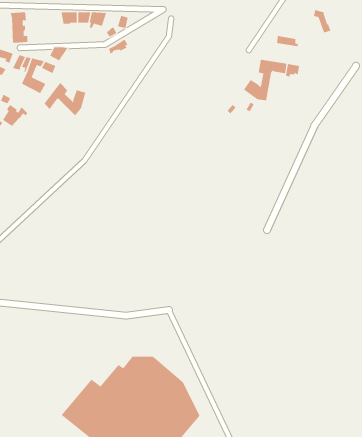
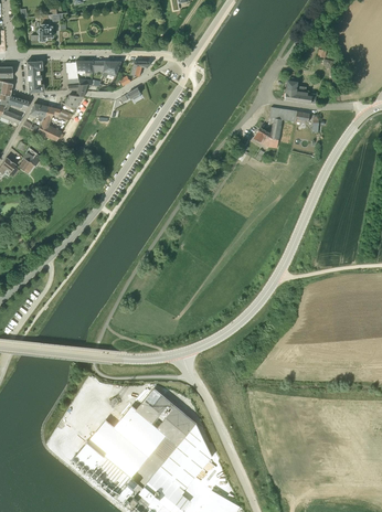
building: [44,82,86,116] -> none

